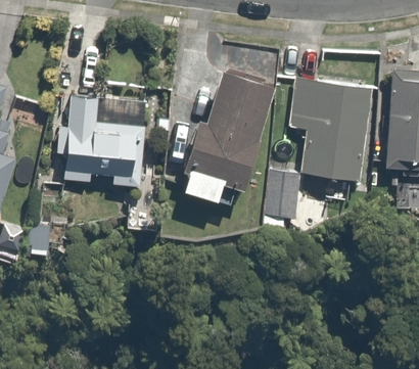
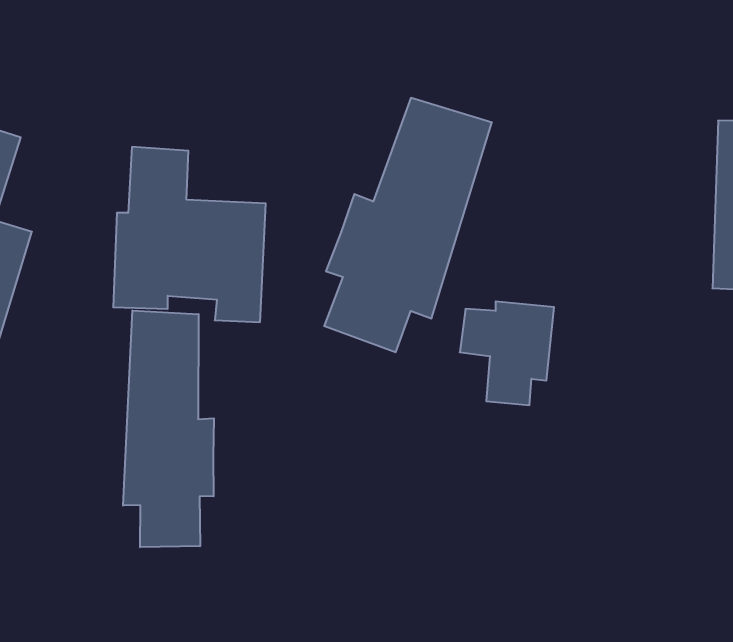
building: [292,80,369,182] -> none
building: none -> [123,310,214,547]

